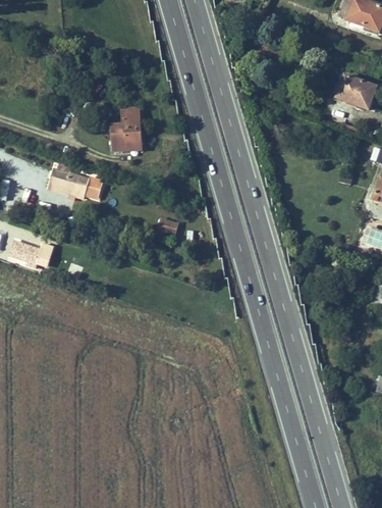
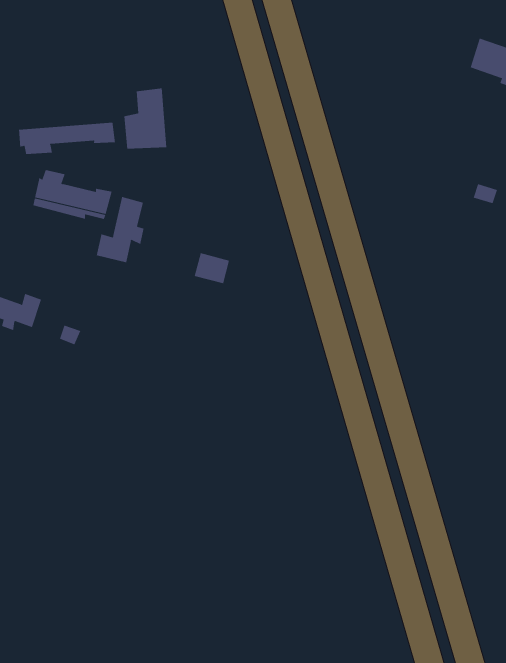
building: none -> [19,122,115,155]
building: none -> [96,196,144,263]

